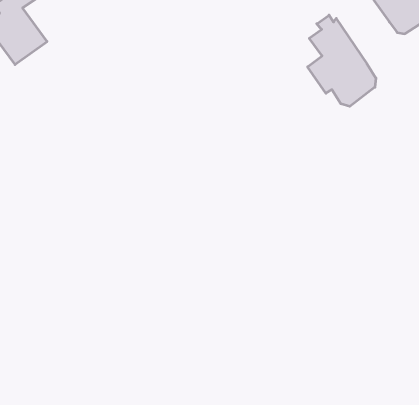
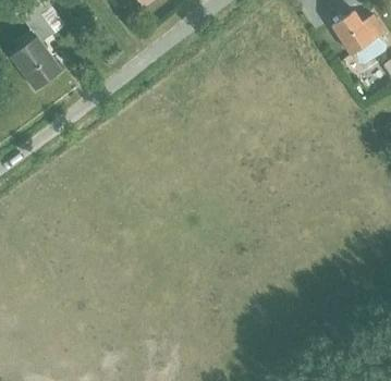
building: [308,15,376,106] -> none

